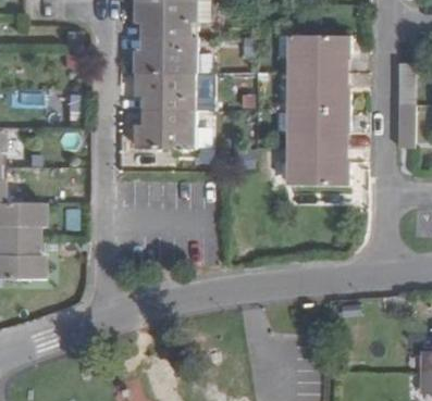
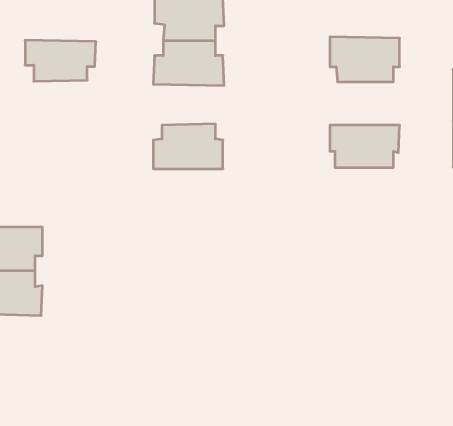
building: [289,74,350,112] -> none
building: [135,76,197,112] -> [25,40,96,81]
building: [288,149,349,187] -> none

